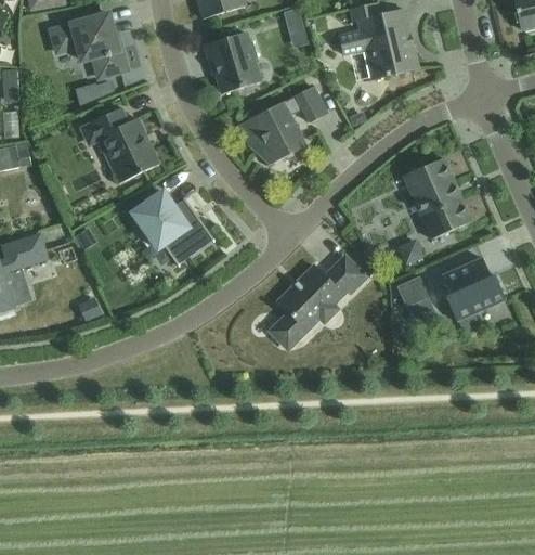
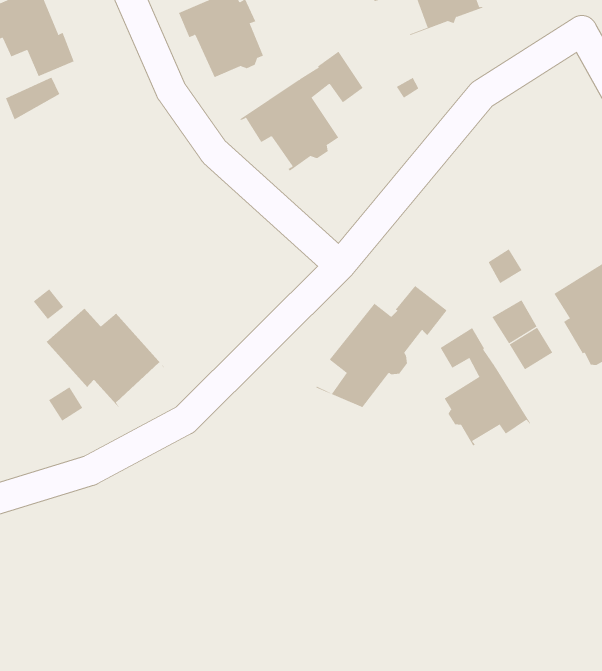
building: [79,106,158,183] -> none
building: [403,158,470,238] -> none
building: [132,192,213,266] -> [46,308,165,408]
building: none -> [440,327,531,447]

